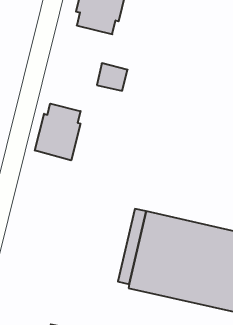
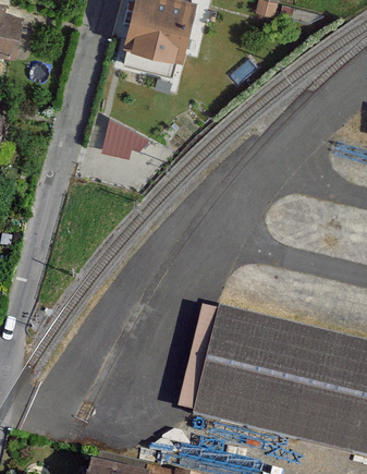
building: [97,63,128,91] -> [105,118,146,155]
building: [35,104,81,160] -> none

